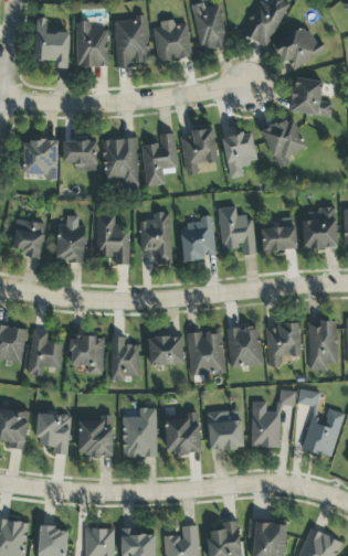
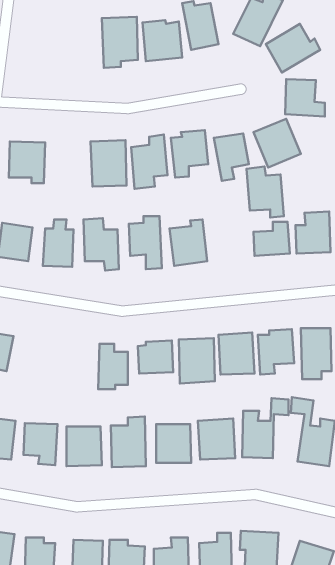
building: [34,17,68,68] -> none
building: [75,20,107,66] -> none
building: [62,140,96,171] -> none
building: [218,205,254,255] -> [247,166,284,217]
building: [28,329,62,376] -> none
building: [70,335,104,374] -> none

